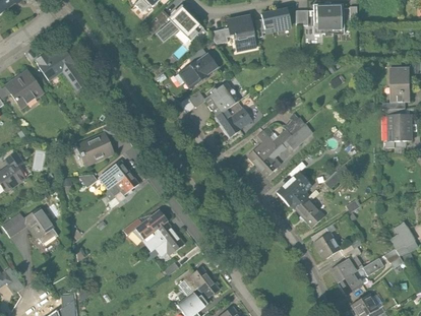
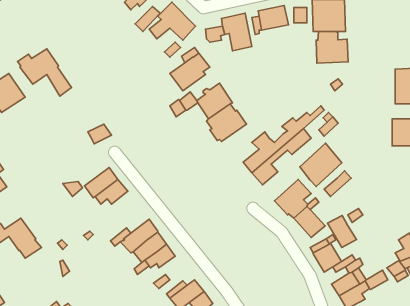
building: none -> [316,31,348,63]
building: [76,133,111,165] -> none
building: none -> [300,143,342,186]
building: none -> [328,215,356,247]

